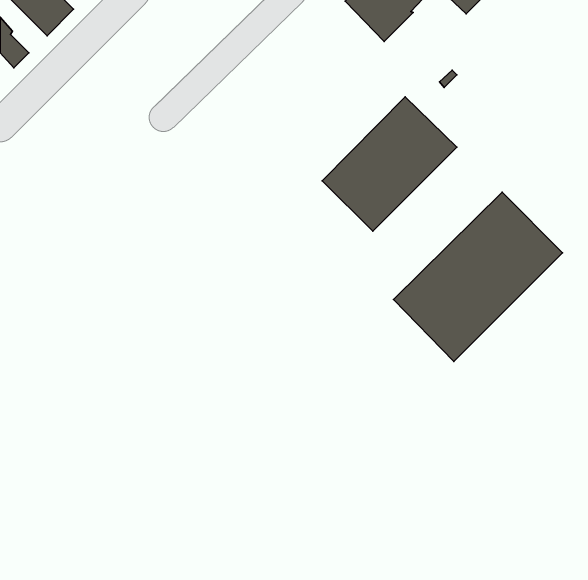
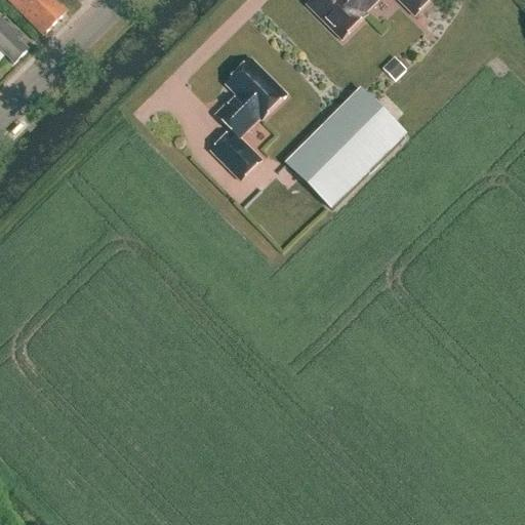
building: none -> [211,56,287,177]
building: [393,192,563,362] -> none

